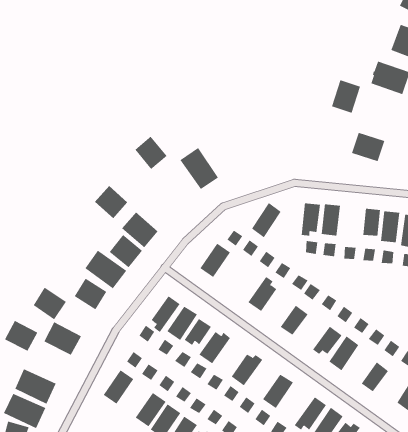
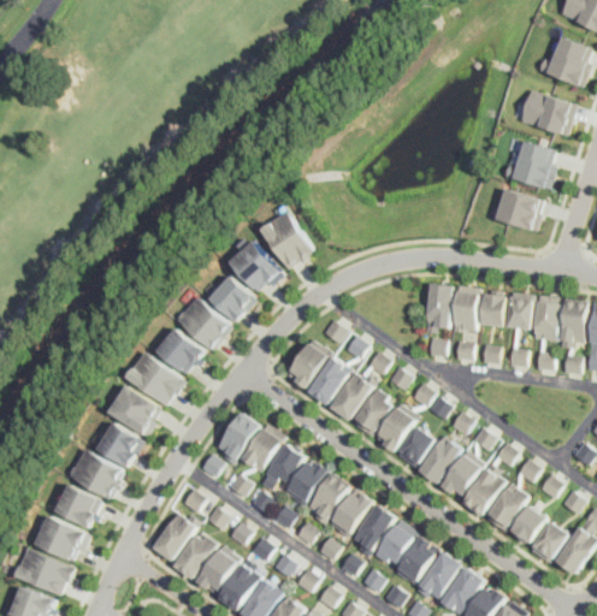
building: [331,79,361,113] -> [514,141,555,188]
building: [134,136,168,170] -> [234,243,279,290]
building: [94,185,128,219] -> [208,276,255,322]
building: [251,202,282,238] -> [308,356,350,405]
building: none -> [484,289,509,327]
building: none -> [330,373,373,421]
building: [33,287,67,320] -> [96,422,143,468]
building: none -> [377,408,416,450]
building: none -> [418,440,462,485]
building: [4,320,38,352] -> [54,484,101,527]
building: none -> [309,473,350,525]
building: none -> [485,484,528,532]
building: none -> [350,504,394,552]
building: none -> [530,521,568,563]
building: none -> [395,535,437,584]
building: none -> [173,537,217,581]

